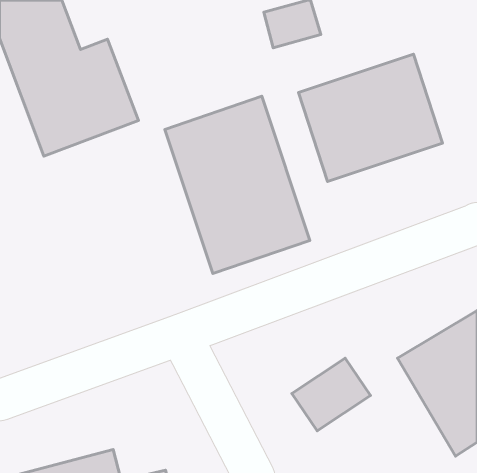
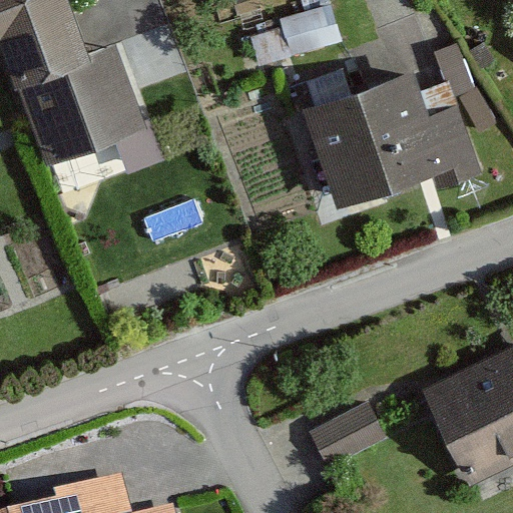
building: [165,96,310,273] -> none

